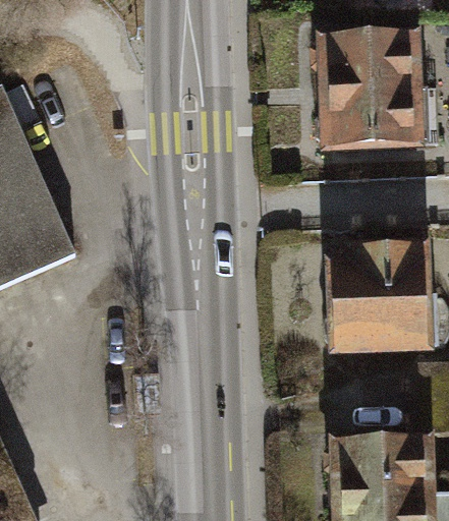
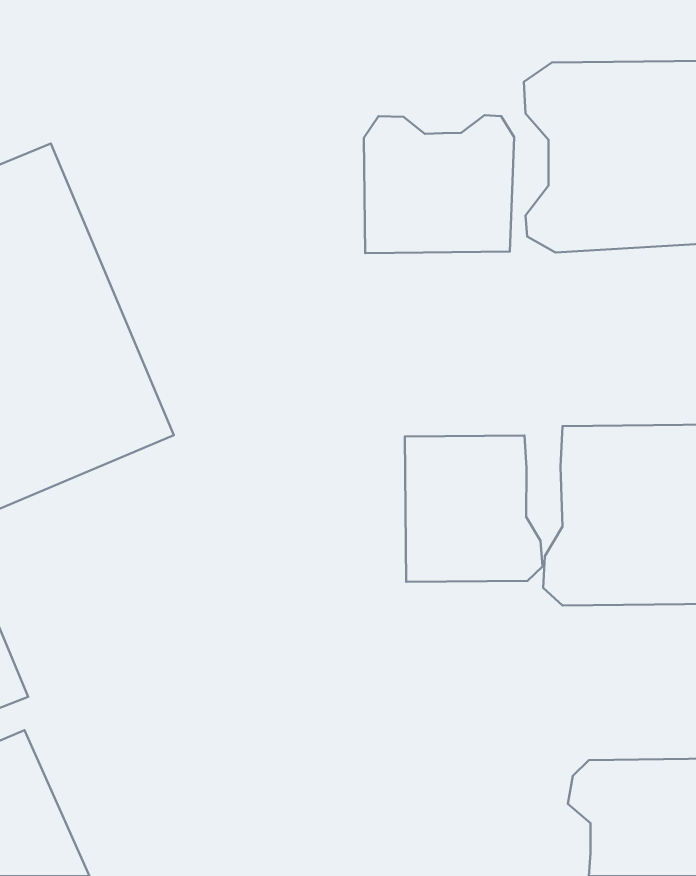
building: none -> [364,115,514,253]
building: none -> [405,436,542,582]

